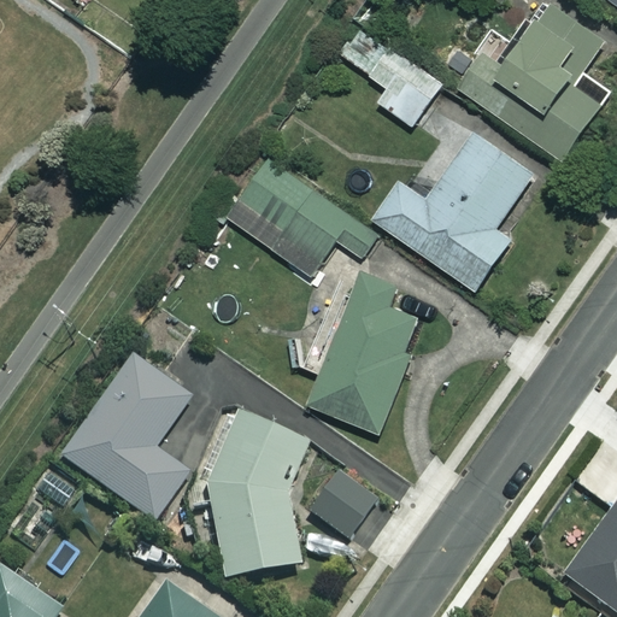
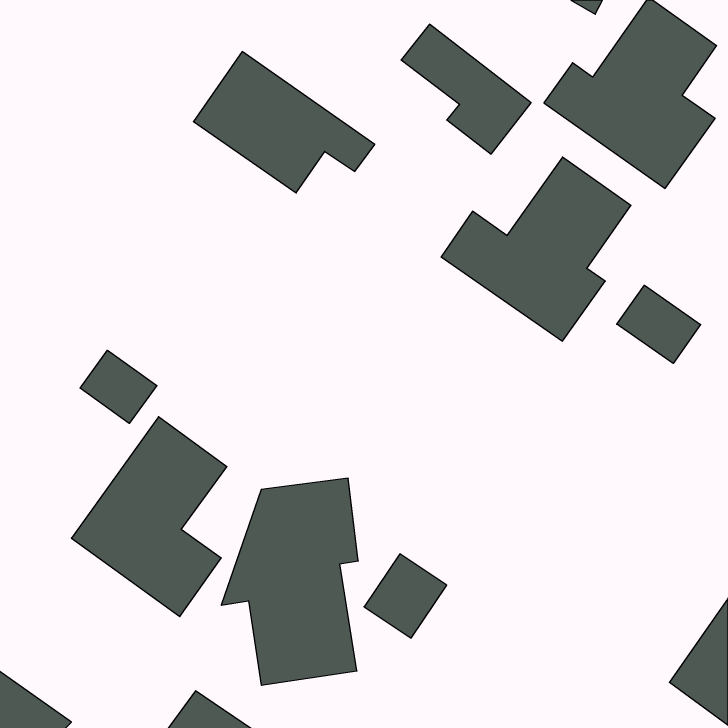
building: [225,157,378,276] -> [193,52,375,193]
building: none -> [617,285,701,363]
building: [302,266,418,433] -> none
building: none -> [80,350,157,423]

